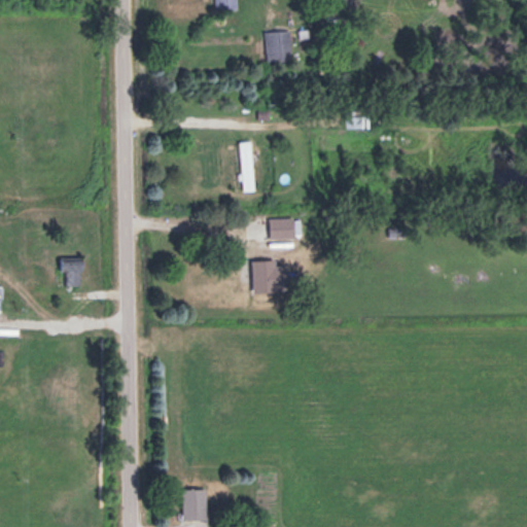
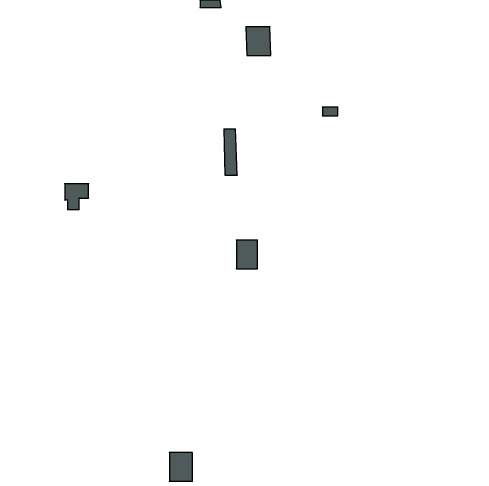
building: [269,219,294,240] -> none
building: [60,257,85,285] -> [65,184,89,210]

